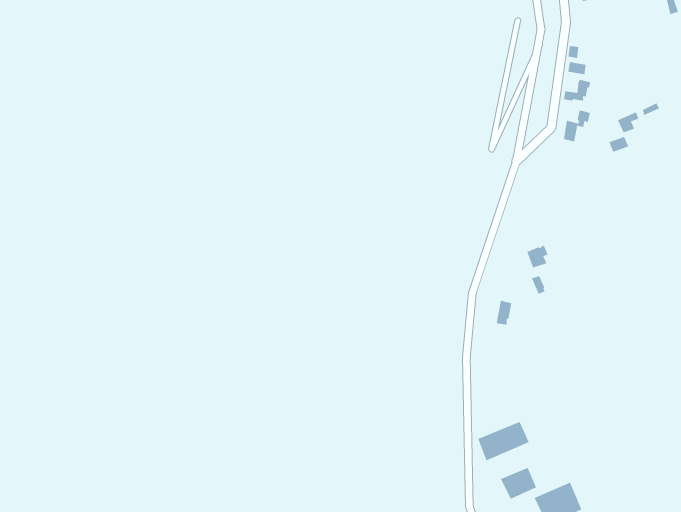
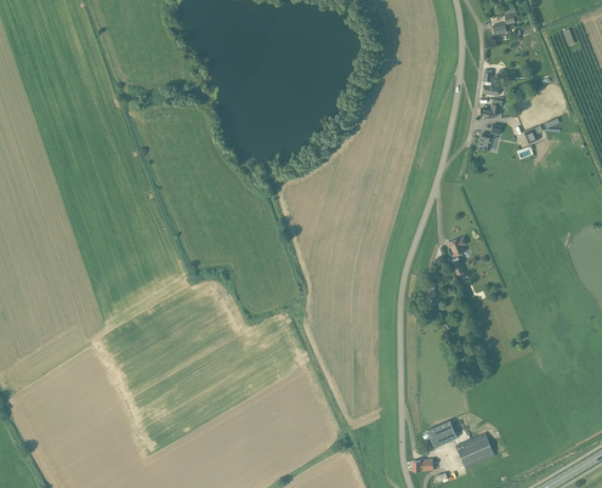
building: [478,421,530,461] -> none

